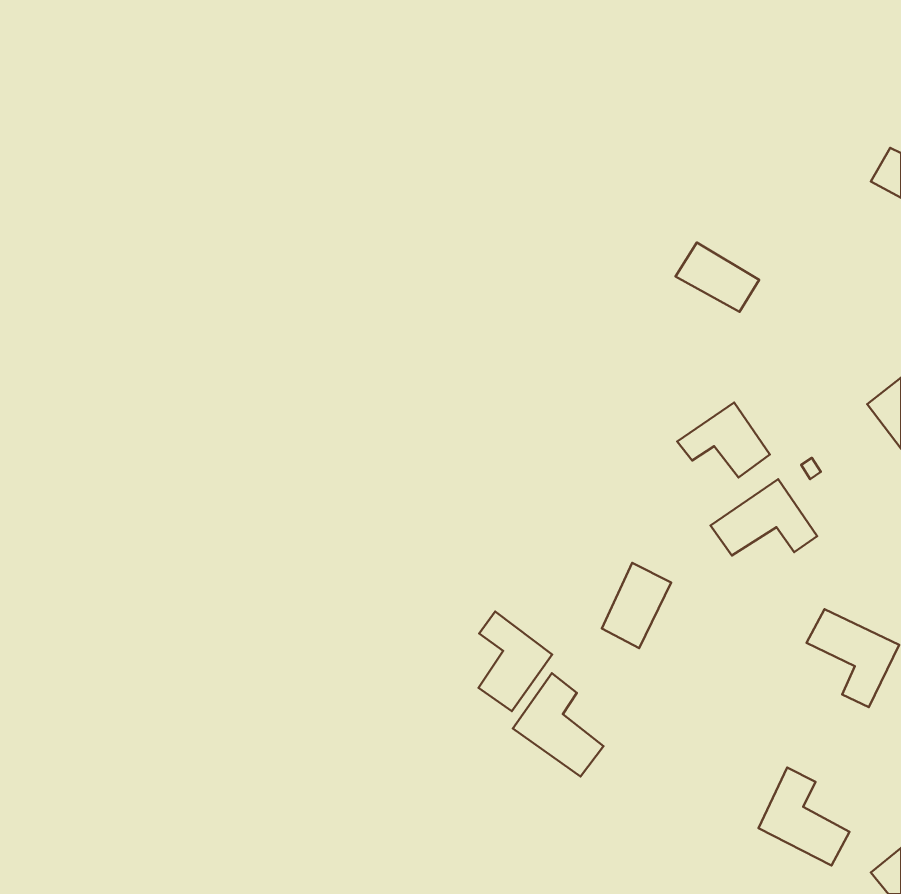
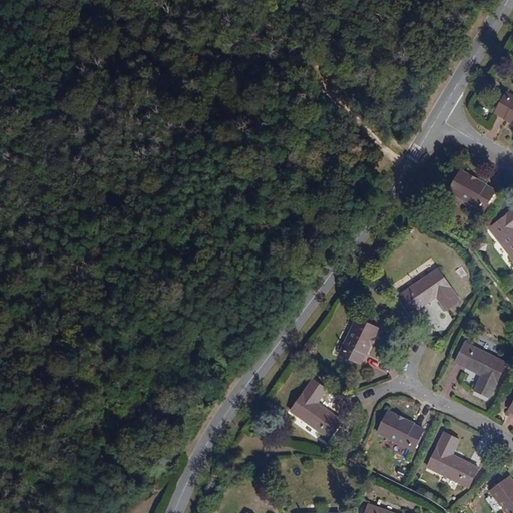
building: [675,243,759,312] -> [448,170,495,209]
building: [677,403,770,477] -> none
building: [478,612,552,711] -> none
building: none -> [377,412,424,451]

